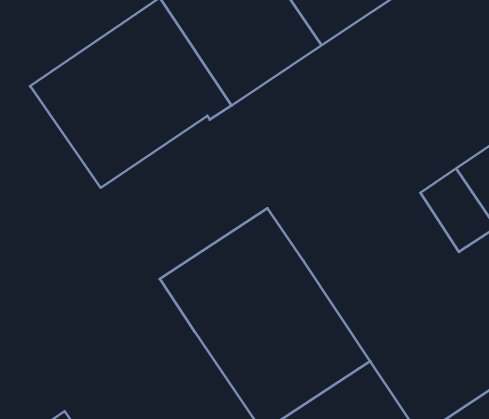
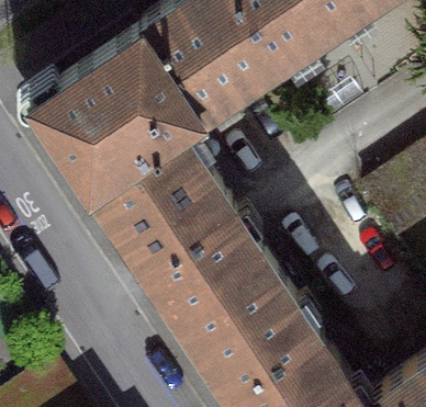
building: none -> [89,131,232,270]

